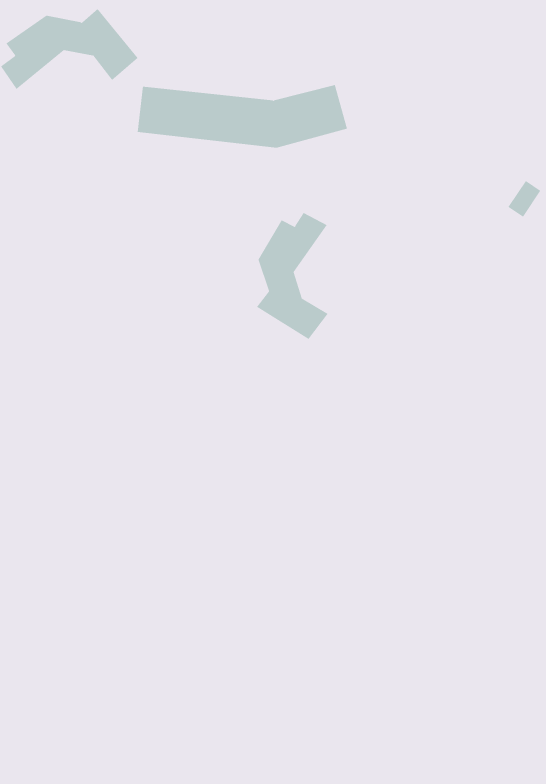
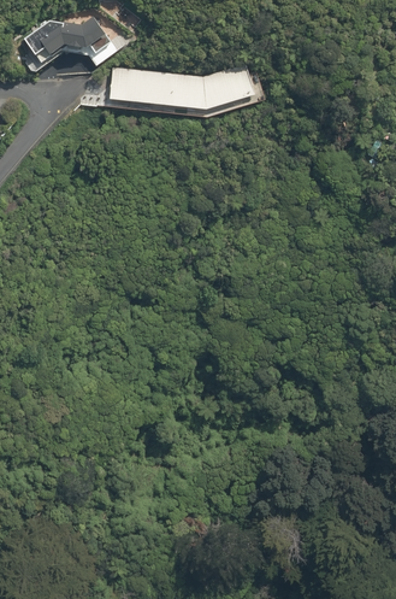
building: [256,212,328,340] -> none

